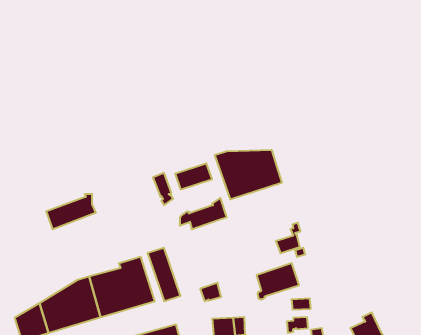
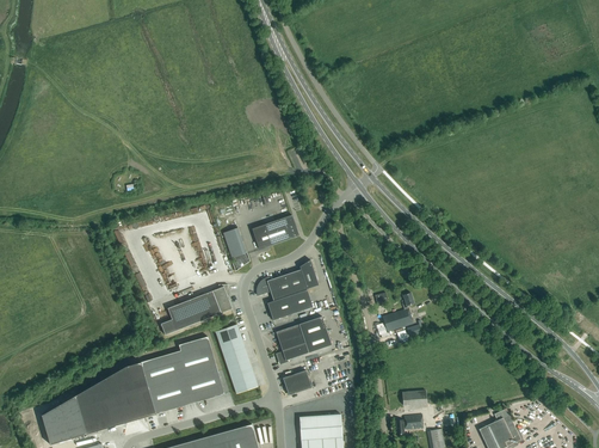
building: [215,150,282,199] -> none
building: [46,194,96,229] -> [167,286,231,331]
building: none -> [266,290,311,320]
building: [257,263,299,299] -> [276,317,331,363]

